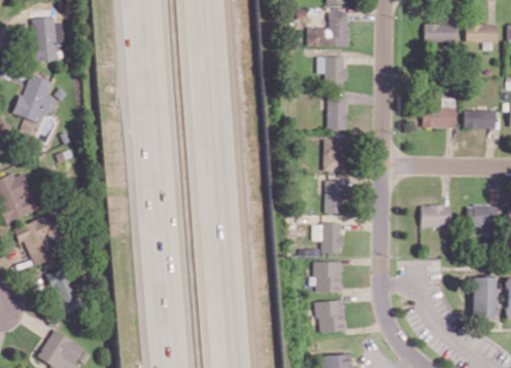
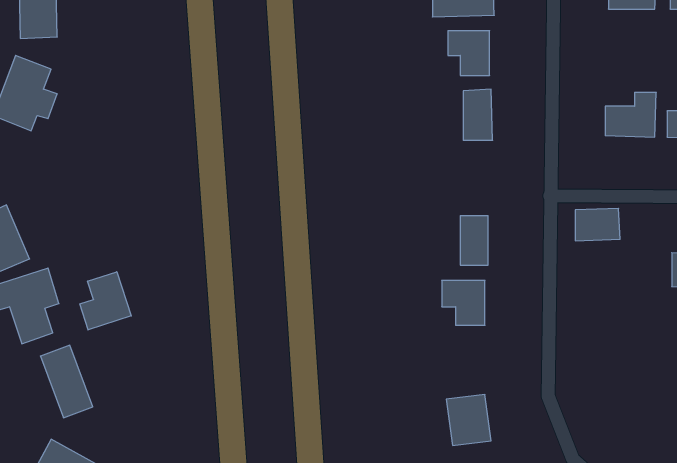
building: [323,139,344,171] -> none
building: [421,205,451,226] -> [575,208,620,241]
building: none -> [80,272,131,330]
building: [314,261,342,293] -> none

